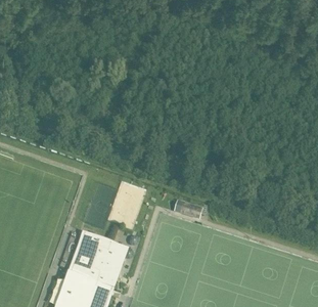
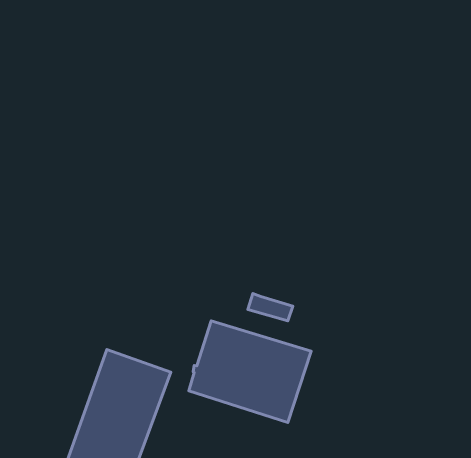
building: none -> [189,321,311,423]

